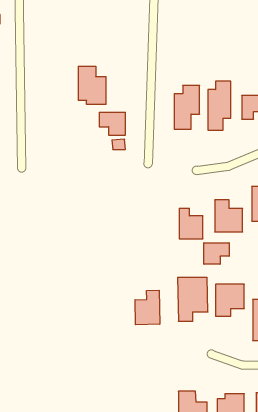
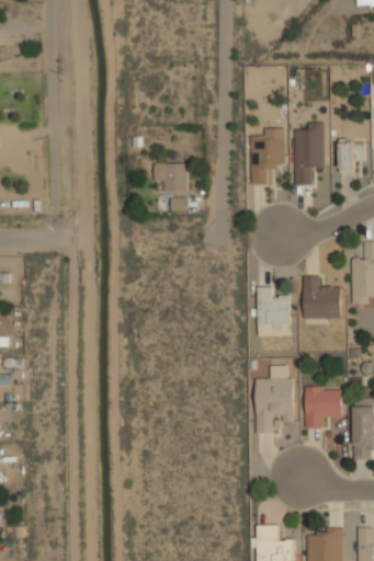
building: [78,66,106,104] -> none
building: [204,243,229,264] -> none
building: [135,290,160,325] -> none

